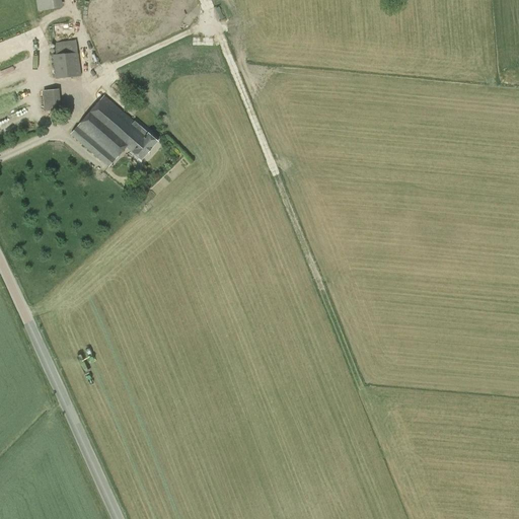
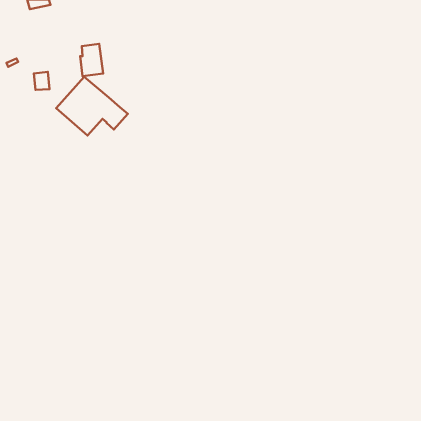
building: [52,39,80,78] -> [80,44,103,76]

